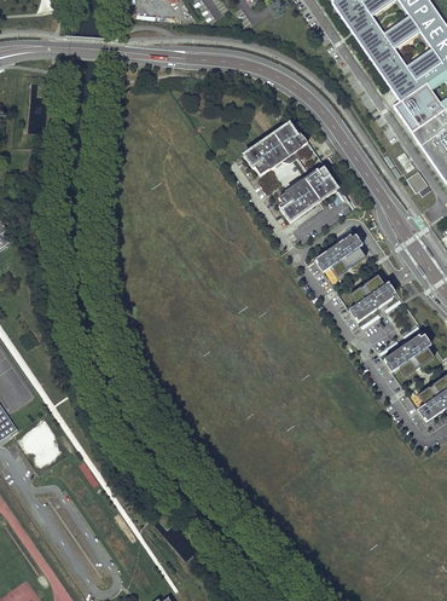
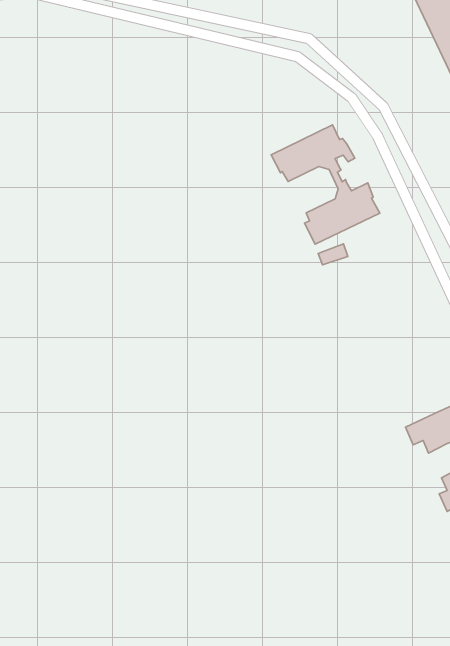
building: [315,235,365,276] -> none
building: [349,275,395,320] -> none

